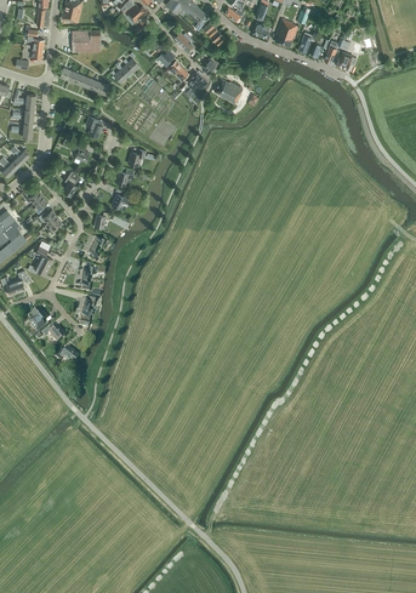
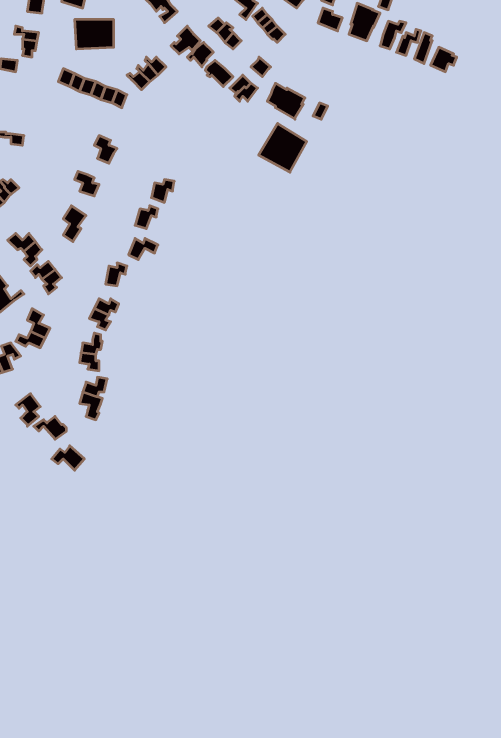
building: none -> [259,123,307,172]

